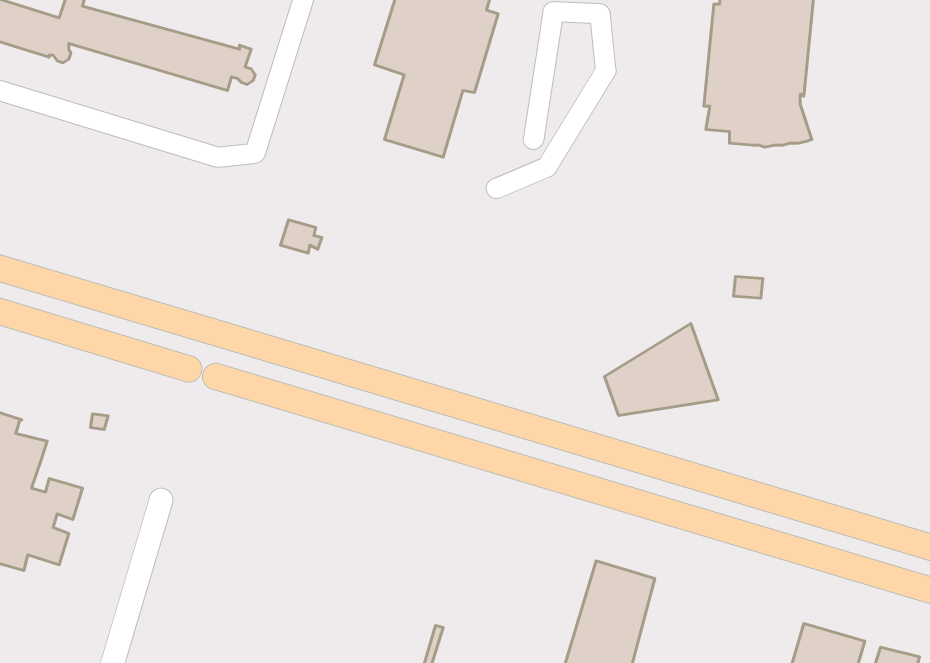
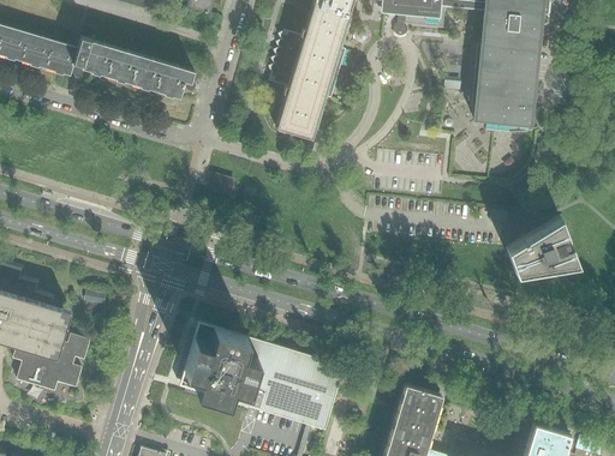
building: [605,323,718,416] -> [506,216,575,272]
building: none -> [179,322,344,430]

